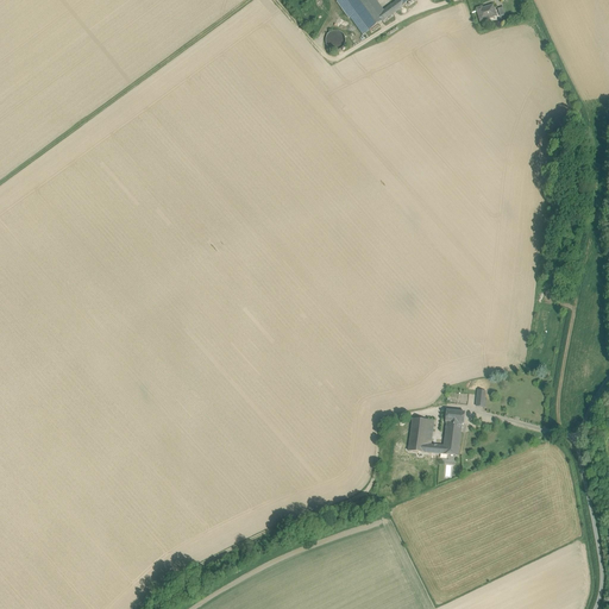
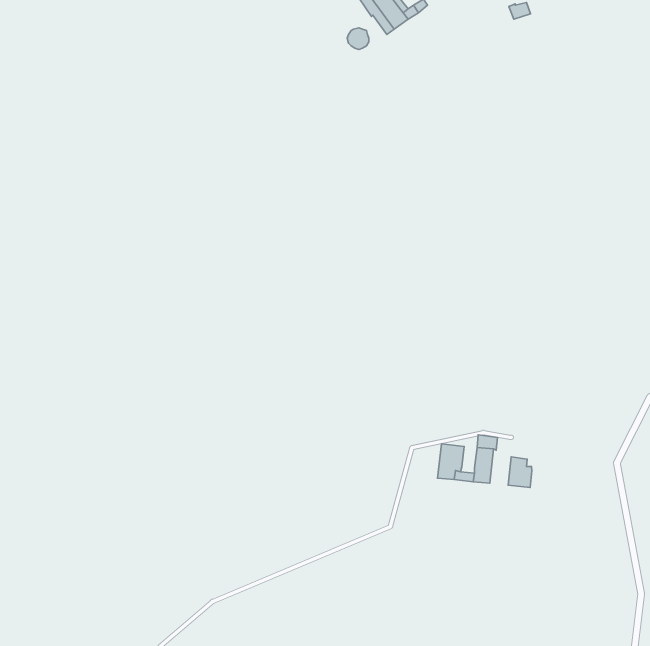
building: none -> [508,457,532,487]

